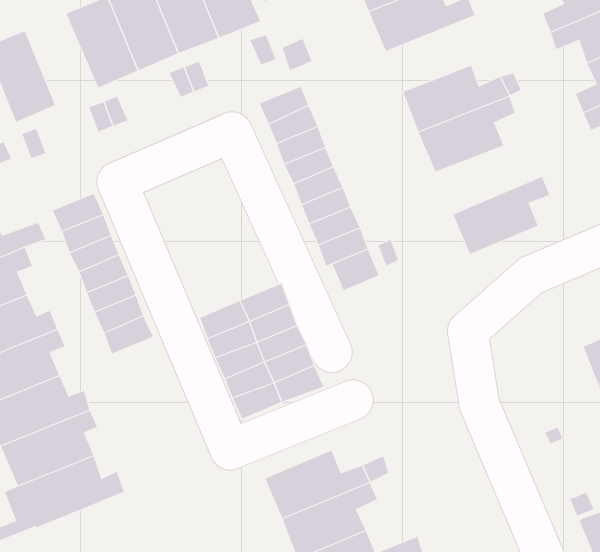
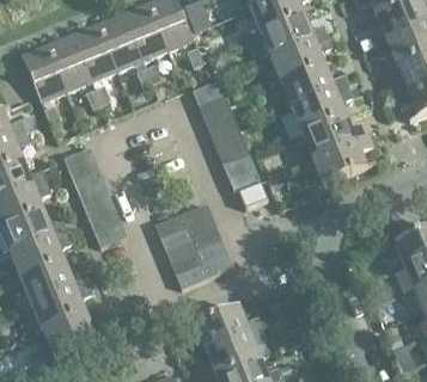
building: none -> [45,36,91,93]
building: none -> [270,37,331,85]
building: none -> [301,118,368,161]

